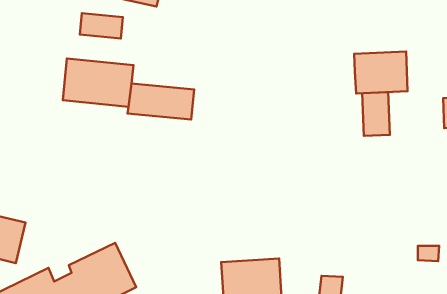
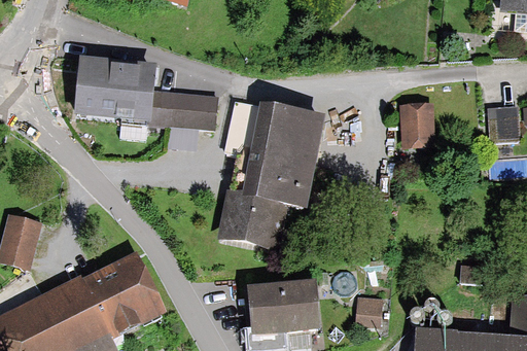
building: [80,13,123,39] -> none
building: [354,52,408,94] -> none
building: none -> [230,103,322,246]

